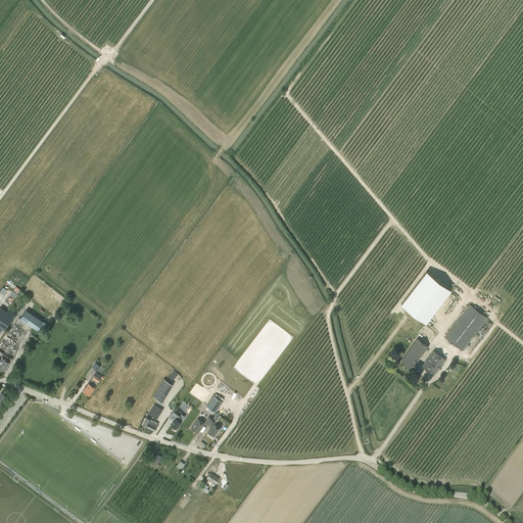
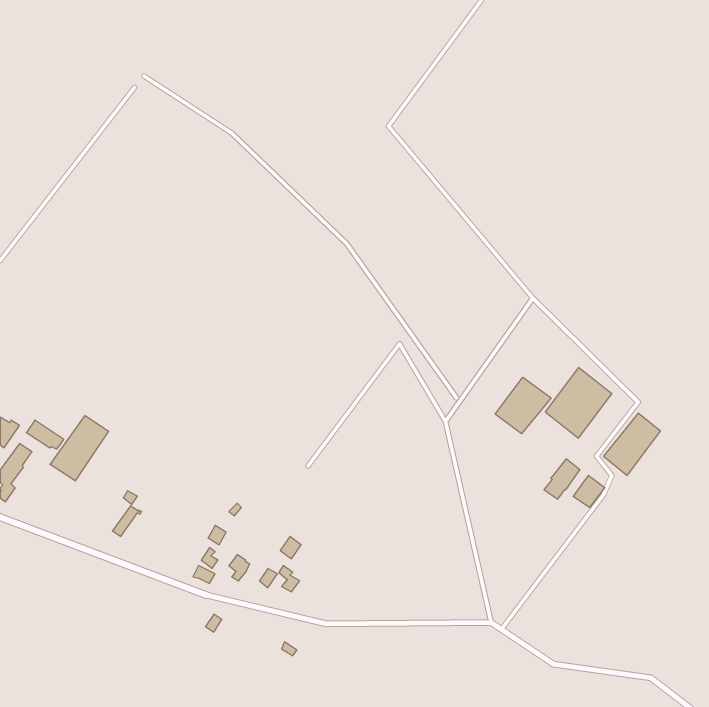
building: none -> [495,377,551,434]
building: none -> [50,416,109,481]

